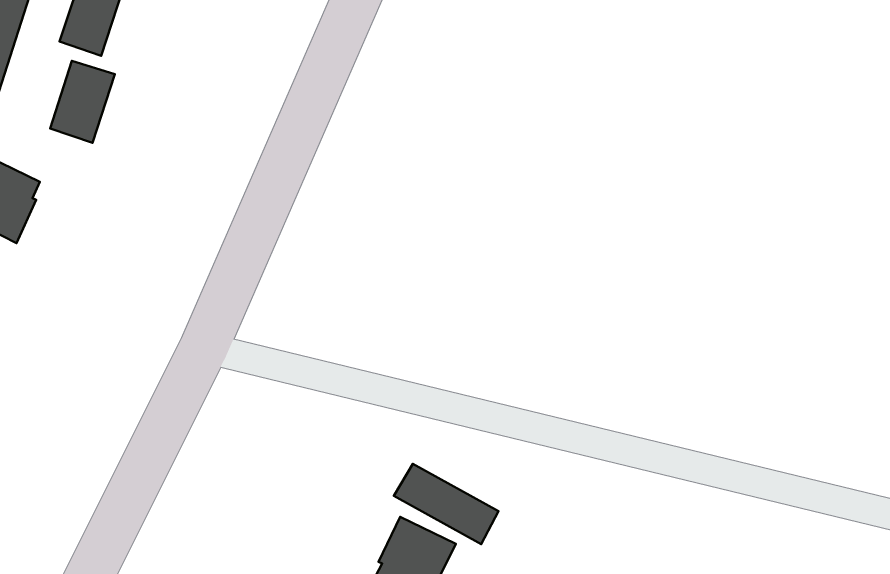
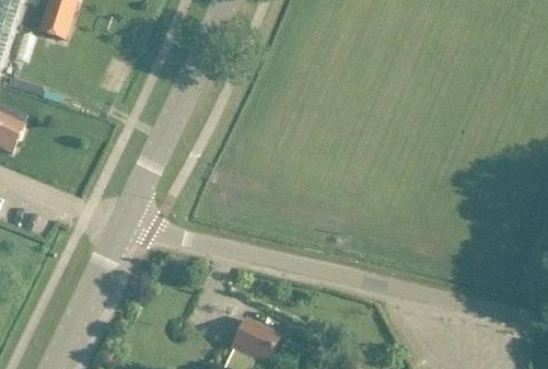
building: [50,61,115,143] -> none
building: [394,464,498,544] -> none

